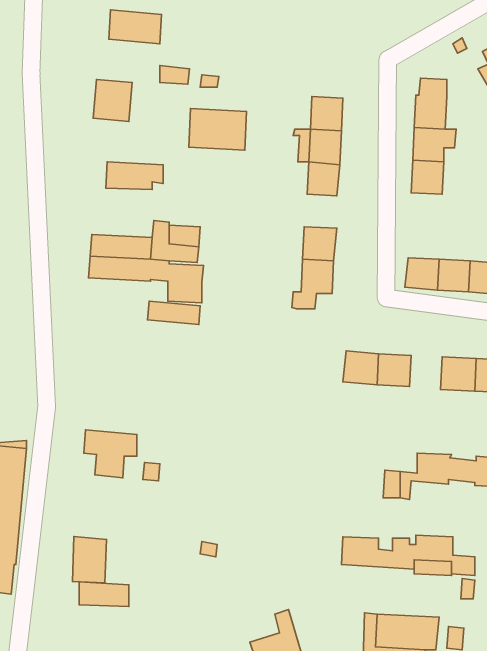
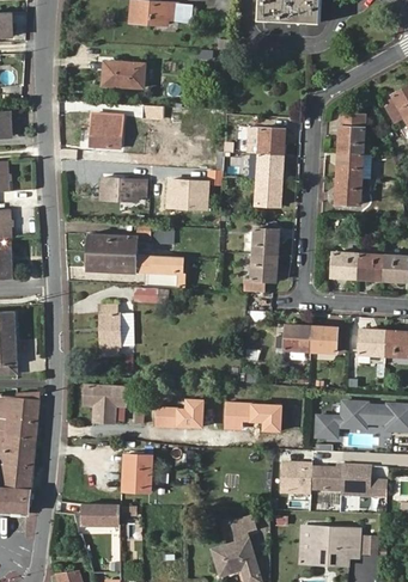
building: [189,108,246,150] -> [164,178,208,210]
building: none -> [98,304,121,356]
building: none -> [153,397,203,429]
building: none -> [223,400,282,431]
building: [72,536,107,583] -> [124,454,151,490]

